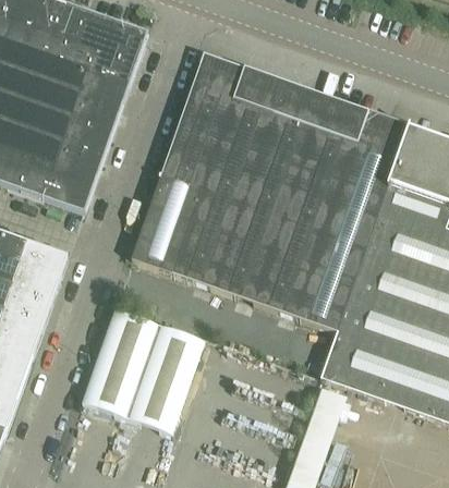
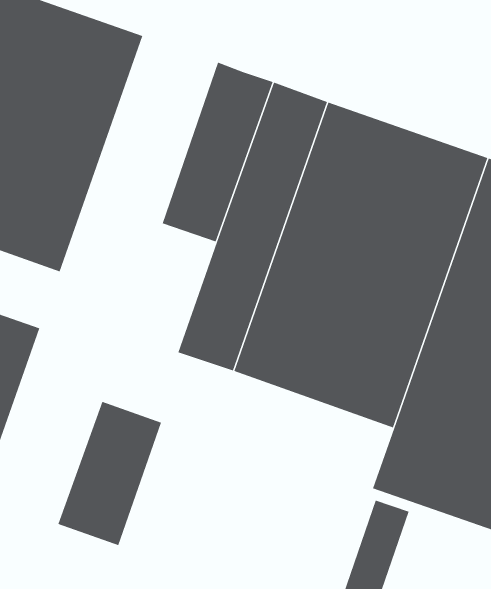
building: [132,174,203,272] -> none
building: [129,326,207,435] -> none

